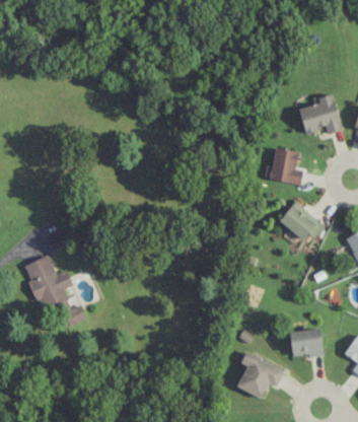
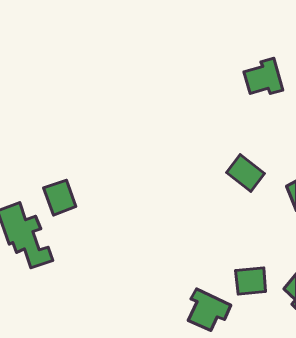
building: [269,148,302,185] -> none
building: none -> [44,180,76,215]

